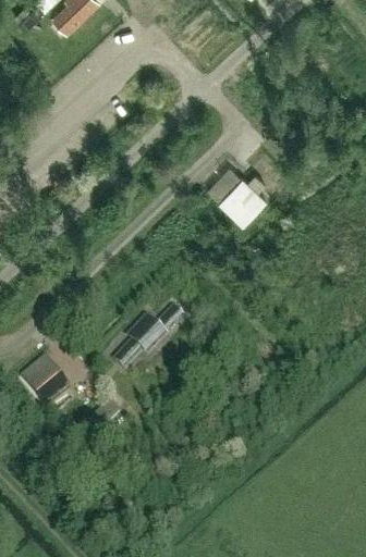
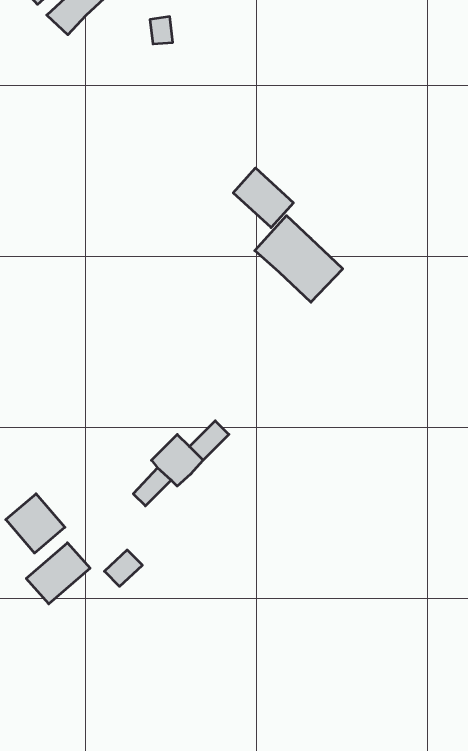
building: none -> [233,168,293,228]
building: none -> [26,543,90,604]

